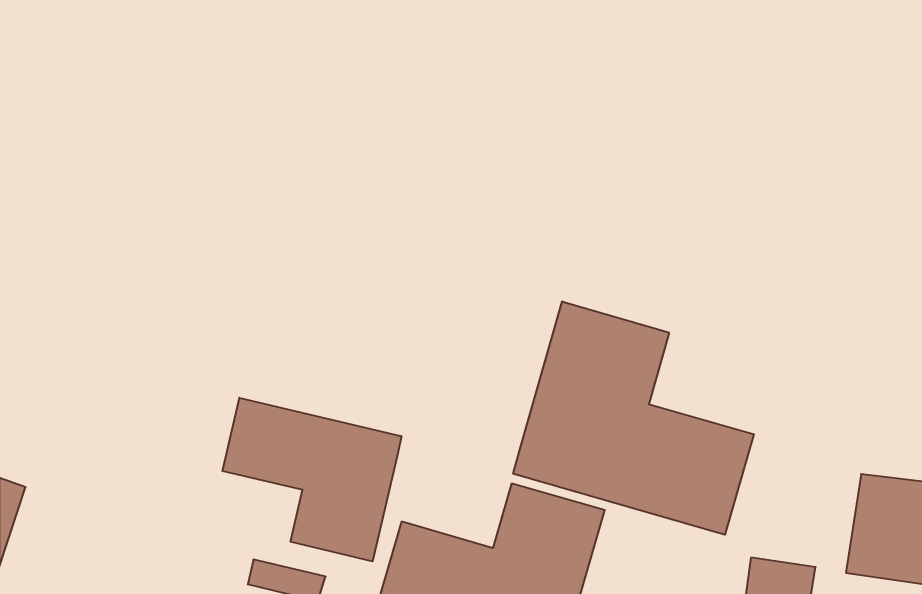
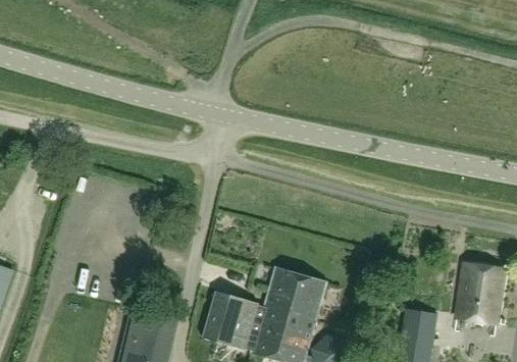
building: [513,301,754,535] -> none
building: [222,398,401,561] -> none

